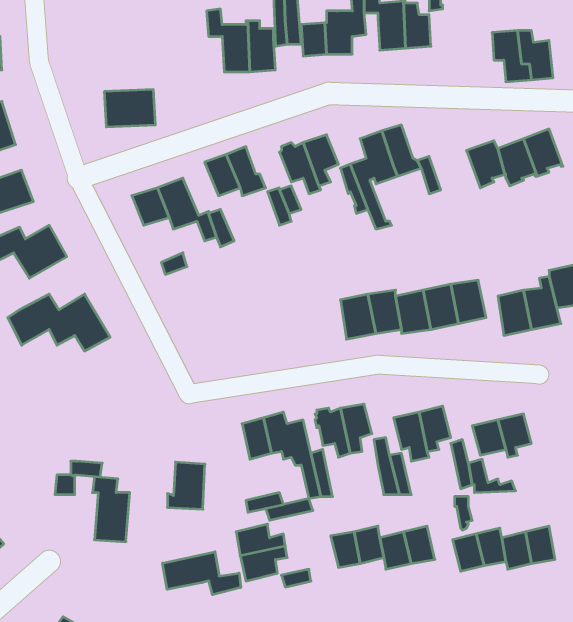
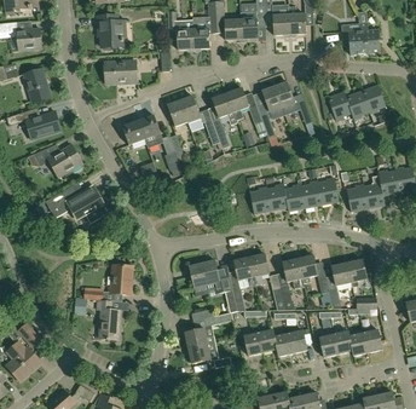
building: none -> [97,16,122,47]
building: [167,462,205,509] -> [108,265,131,294]
building: [163,552,241,595] -> none

